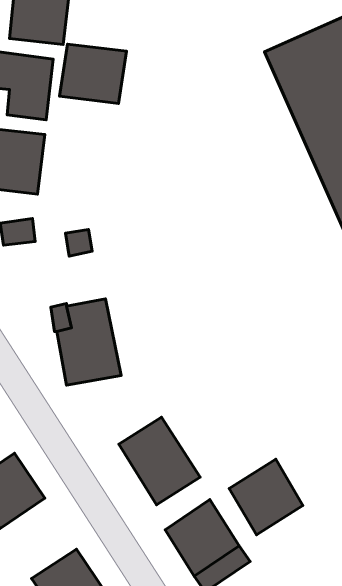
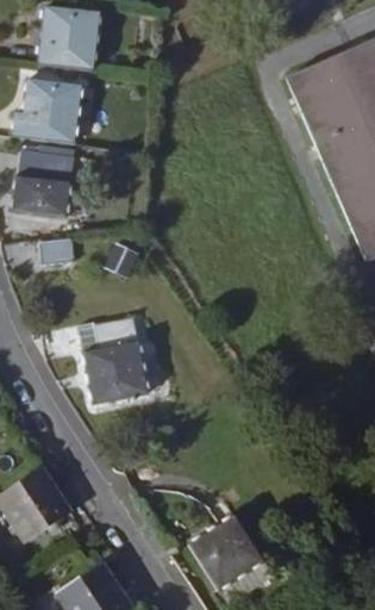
building: [59,44,126,103] -> none
building: [119,417,200,505] -> none
building: [229,459,303,535] -> none

